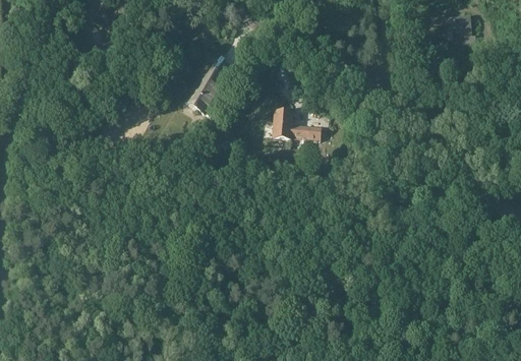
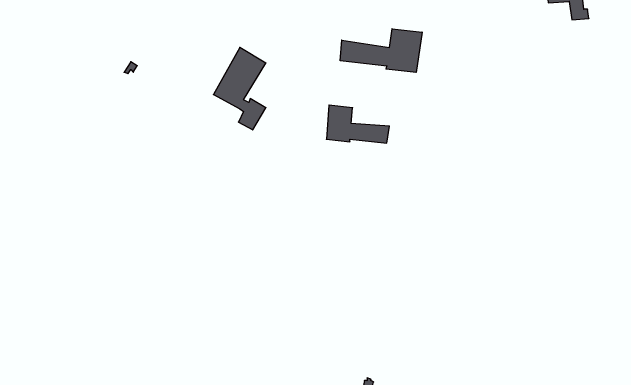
building: none -> [340,29,422,72]

